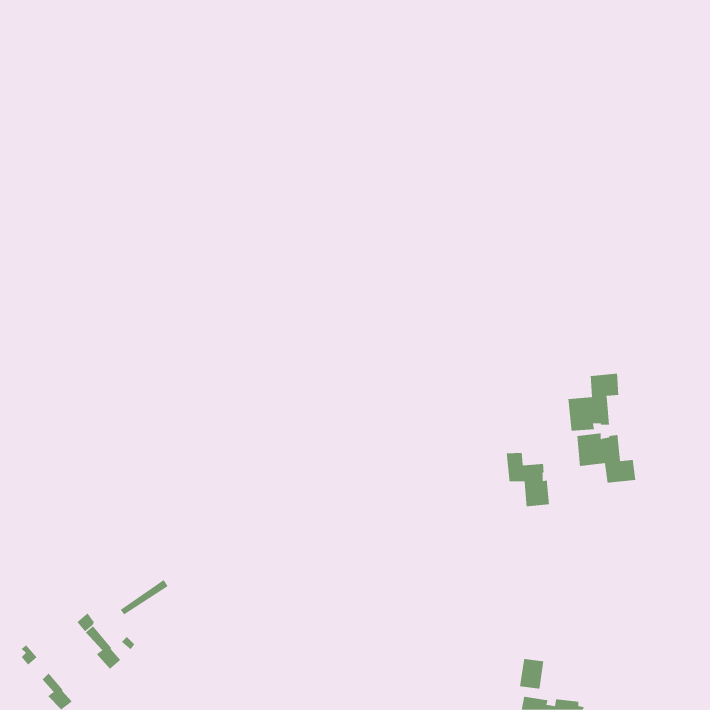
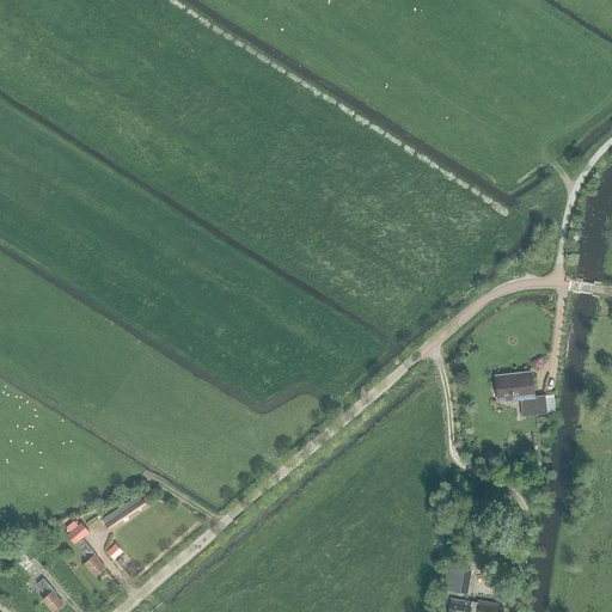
building: [568,373,619,432] -> none
building: [506,452,549,507] -> none

